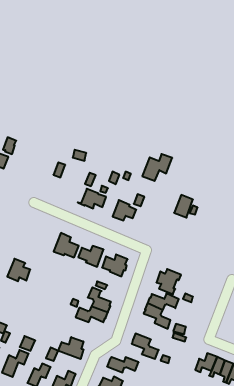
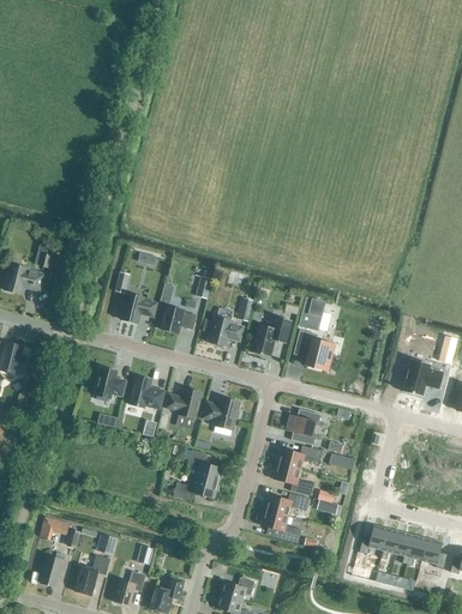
building: [142,154,172,181] -> [252,315,293,356]
building: none -> [121,293,158,323]
building: none -> [295,330,336,372]
building: [7,259,30,281] -> [95,366,127,398]
building: [58,337,83,359] -> none
building: [107,357,139,372] -> [265,492,311,514]

